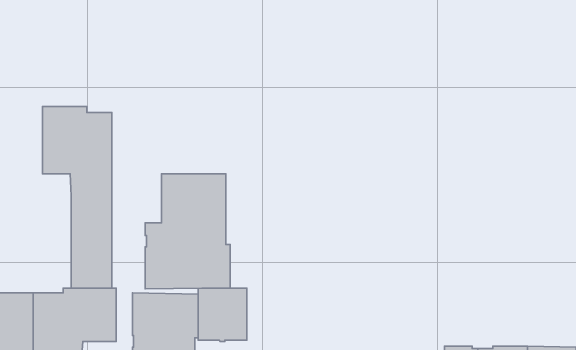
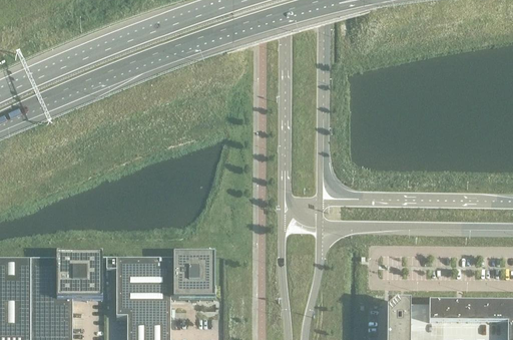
building: [42,107,112,288] -> none
building: [145,174,230,289] -> none

